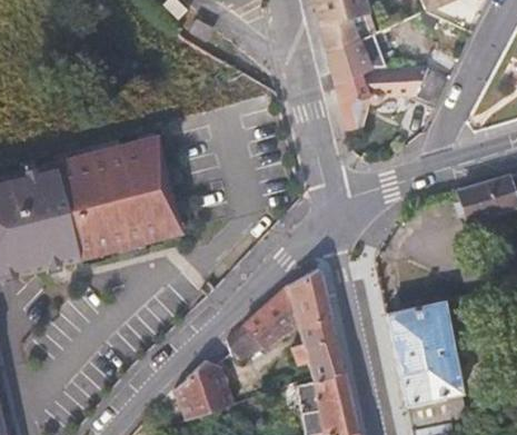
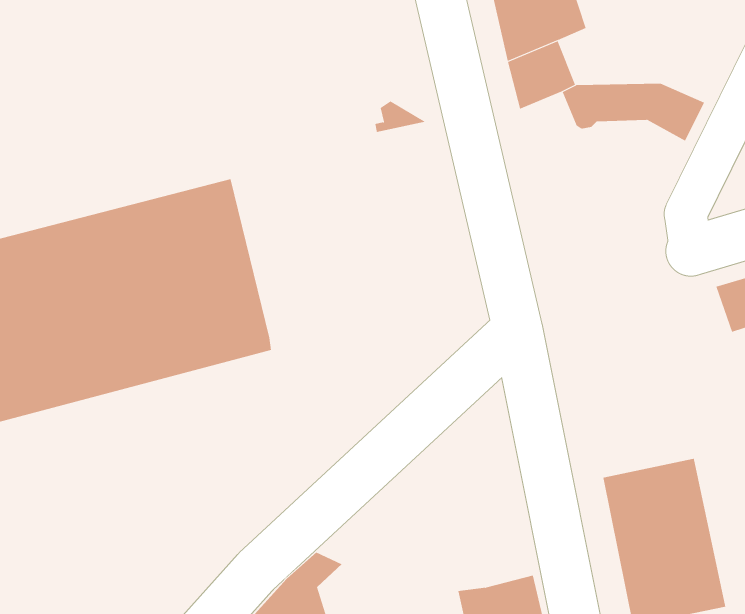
building: [335,70,370,128] -> none
building: [226,270,344,382] -> none

